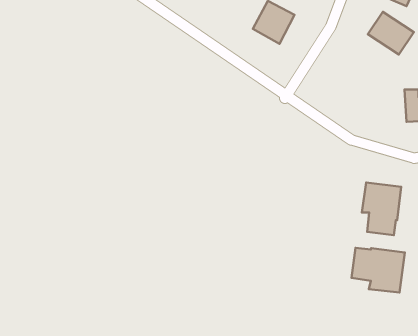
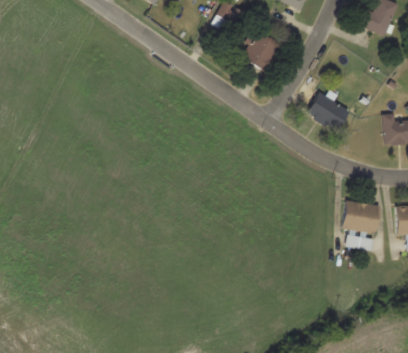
building: [368,12,414,54] -> [306,92,349,132]
building: [351,248,405,293] -> none

